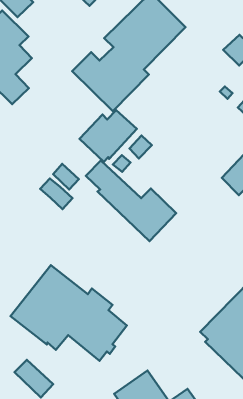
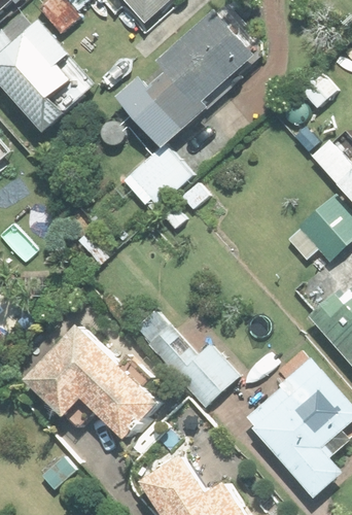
building: [86,161,176,241] -> [134,307,237,406]

